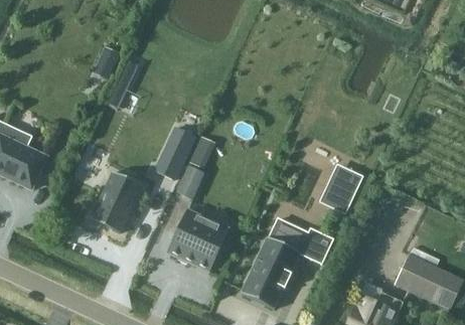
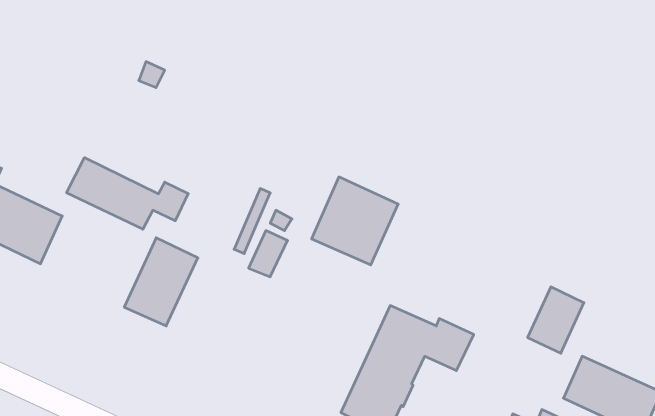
building: none -> [67,158,188,229]
building: [323,165,362,211] -> [528,287,584,353]
building: [169,207,229,269] -> [312,177,398,265]

